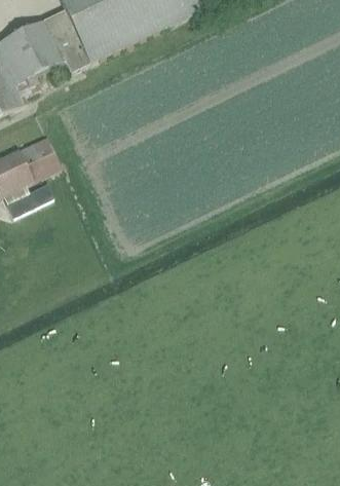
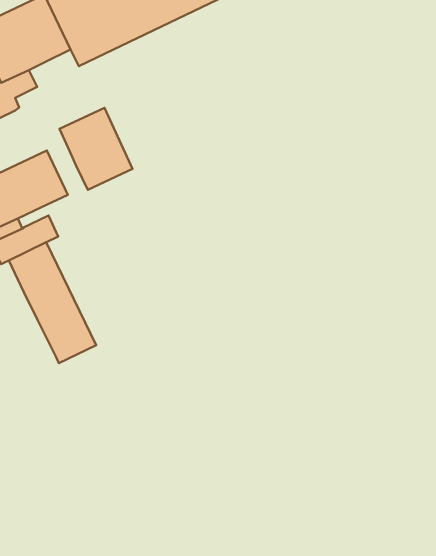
building: none -> [60,108,133,190]
building: none -> [9,242,96,363]

